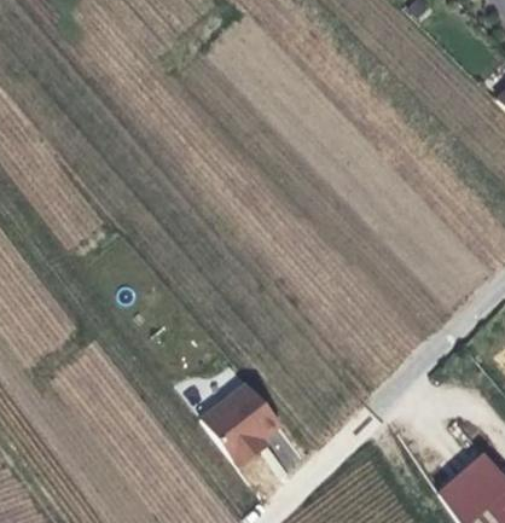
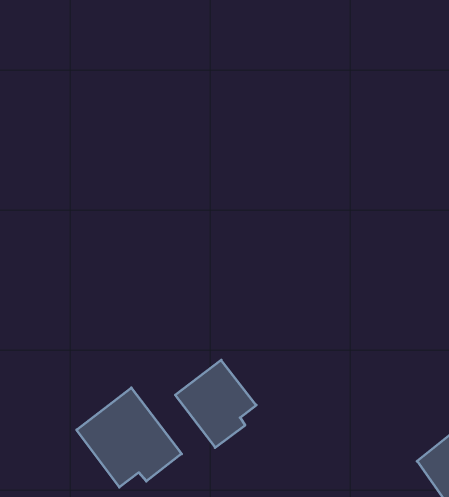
building: none -> [77,388,182,487]

